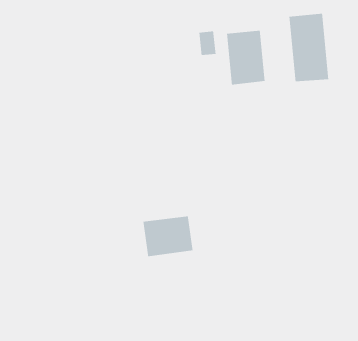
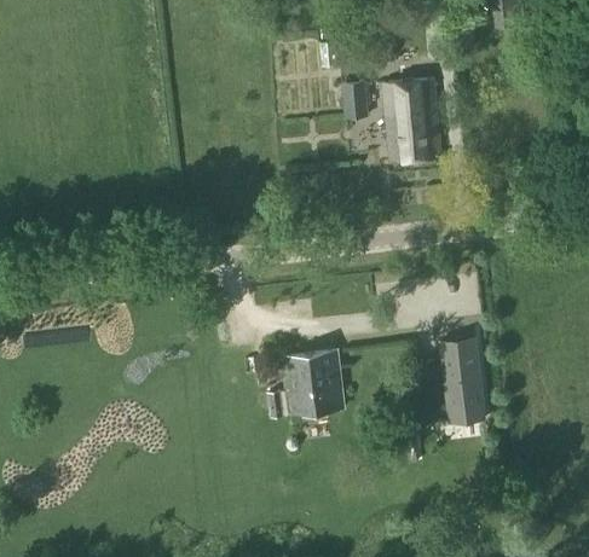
building: [289,13,329,82] -> none
building: none -> [441,340,486,424]

